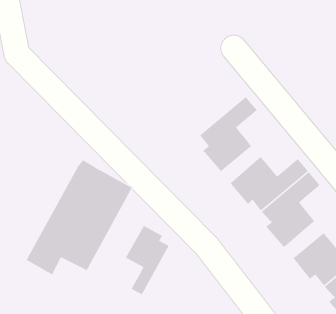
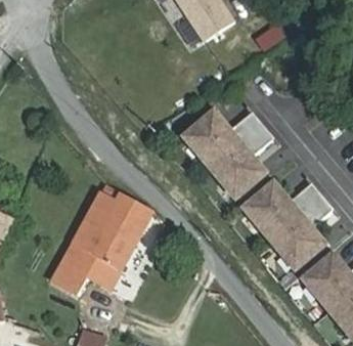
building: none -> [184,111,259,162]
building: [125,225,170,295] -> none

